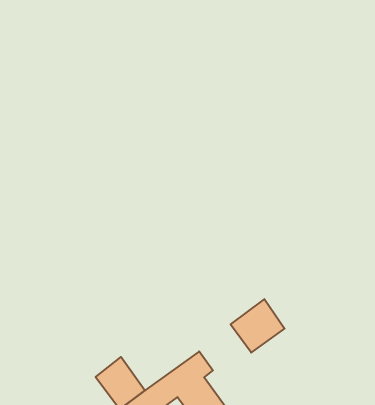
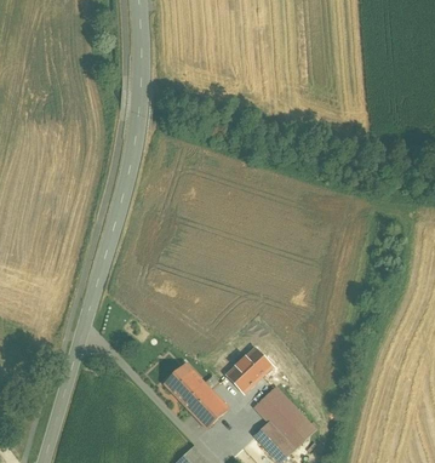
building: [231,299,285,353] -> none

